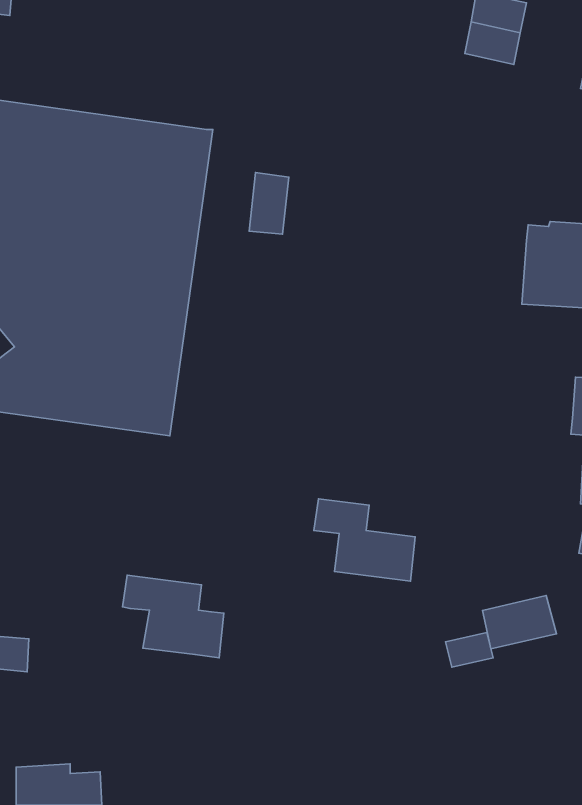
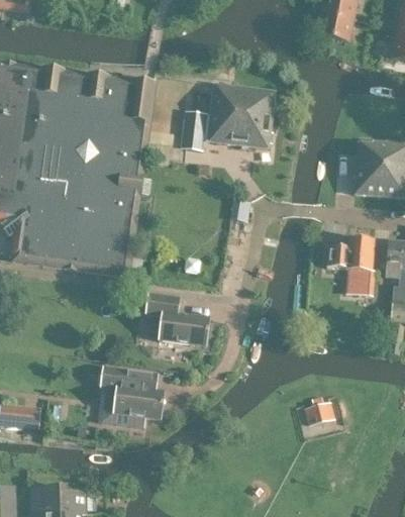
building: none -> [206,84,274,148]
building: none -> [325,237,373,296]
building: [314,499,415,581] -> [143,294,208,346]
building: [483,596,556,649] -> none

